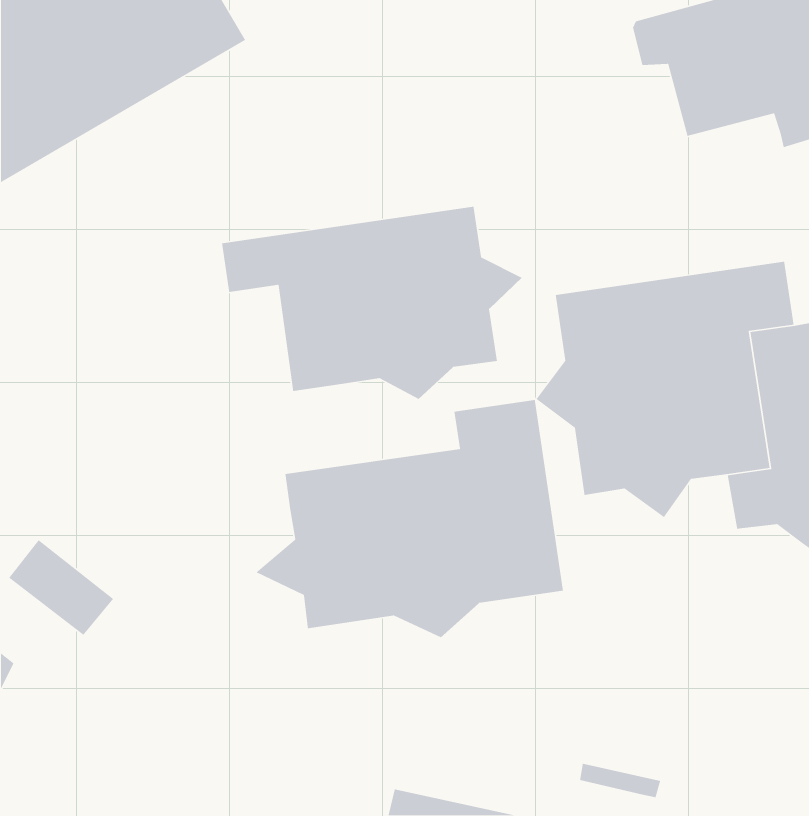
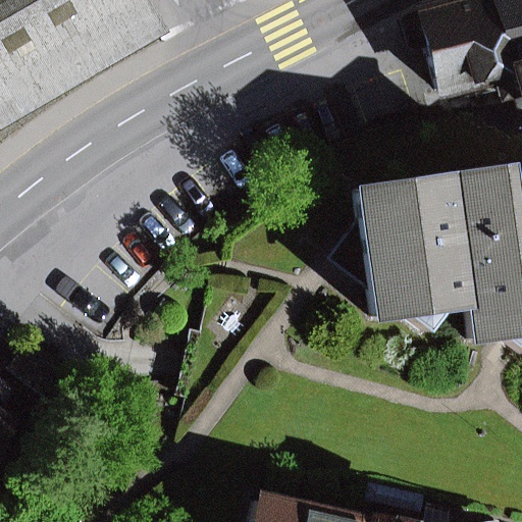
building: [221,206,523,400] -> none
building: [255,399,564,638] -> none

